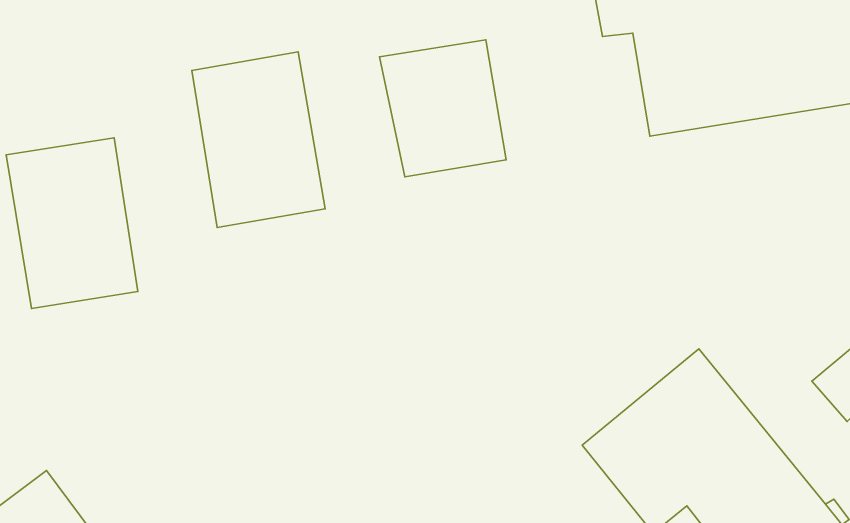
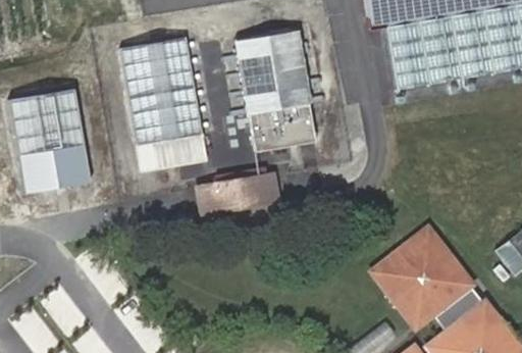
building: none -> [250,105,315,153]
building: none -> [137,135,207,174]
building: none -> [198,179,276,214]

